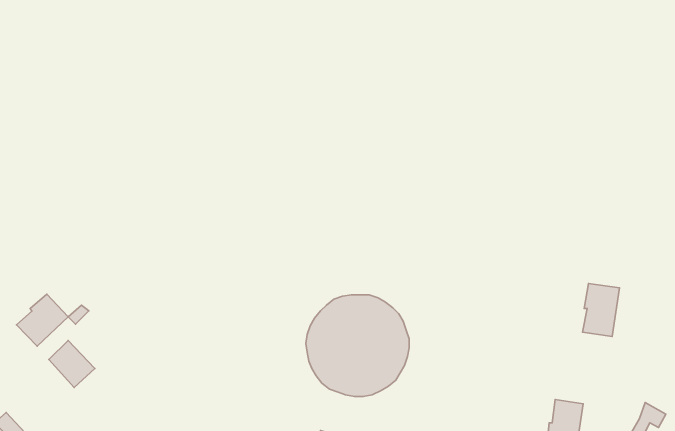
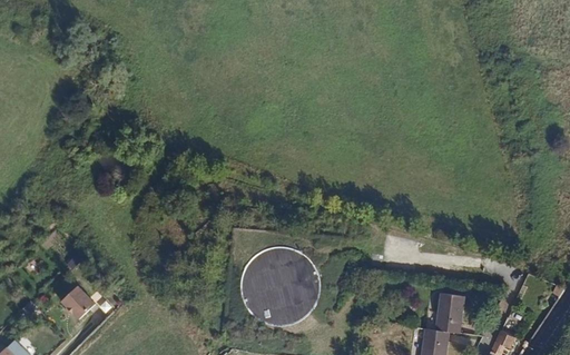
building: [583,284,619,337] -> [439,292,466,332]
building: [17,294,68,346] -> none

